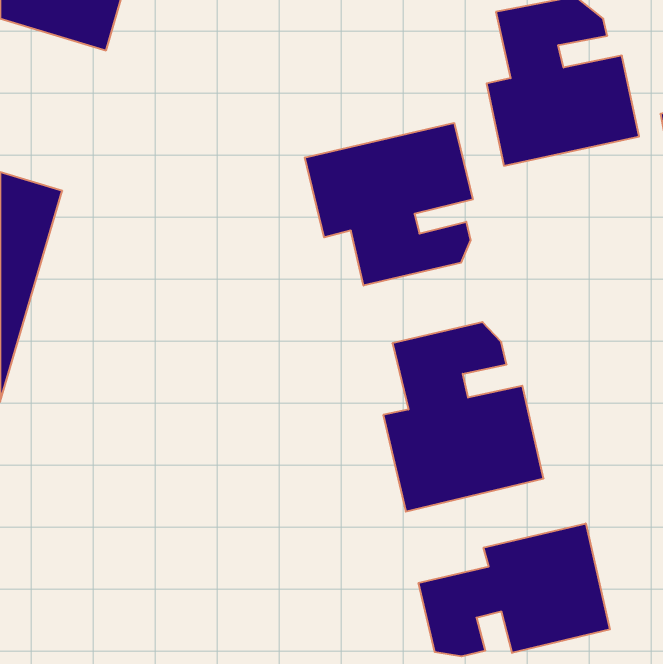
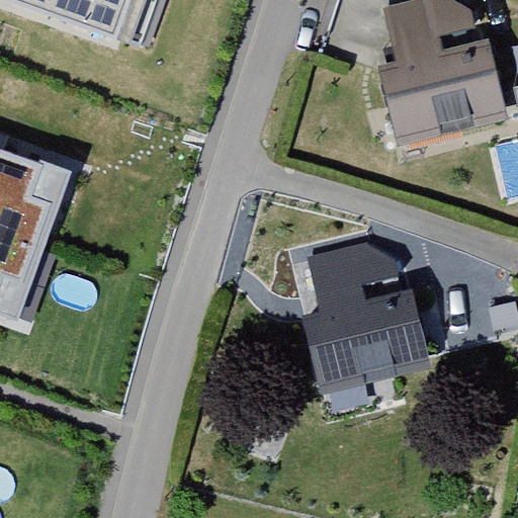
building: [305,123,473,286] -> none
building: [419,523,610,656] -> none

